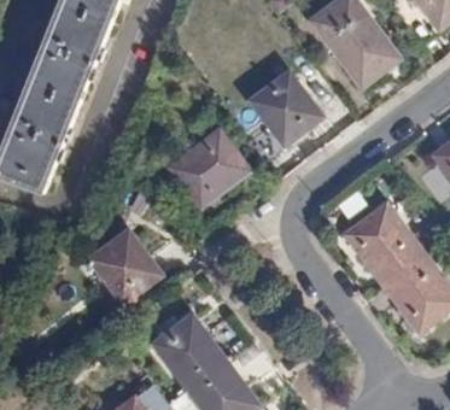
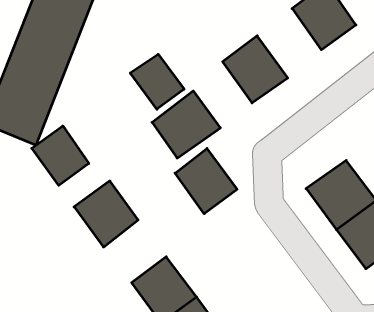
building: none -> [130,54,184,109]
building: none -> [32,126,89,185]
building: none -> [175,148,237,214]

